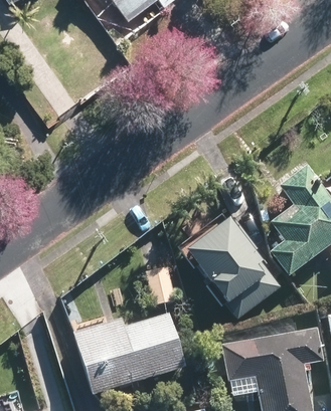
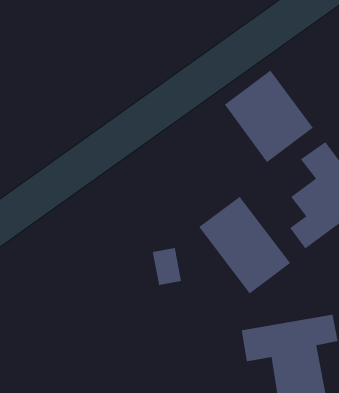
building: none -> [224,69,314,163]
building: [76,316,178,388] -> none

